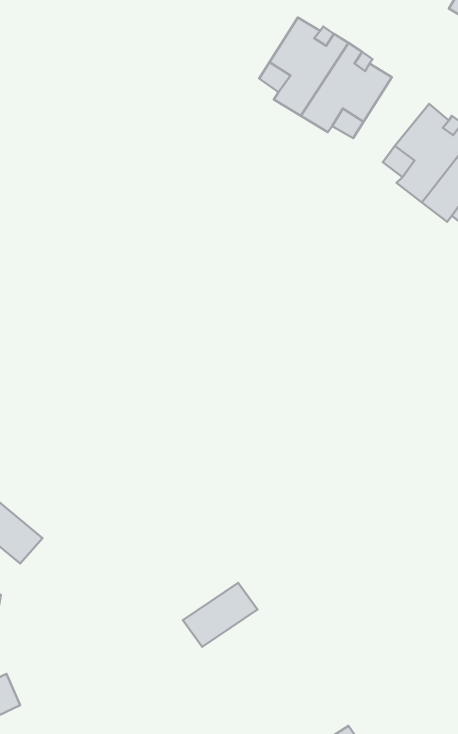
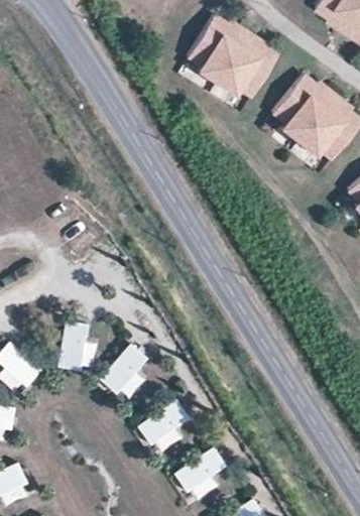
building: none -> [56,318,87,367]
building: none -> [100,343,145,393]
building: none -> [174,445,225,490]

